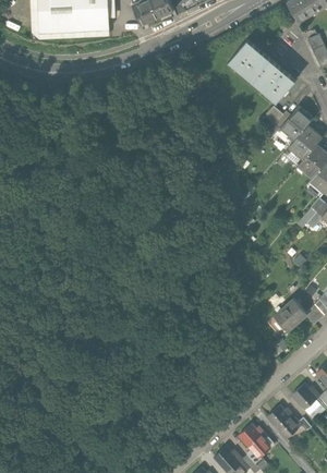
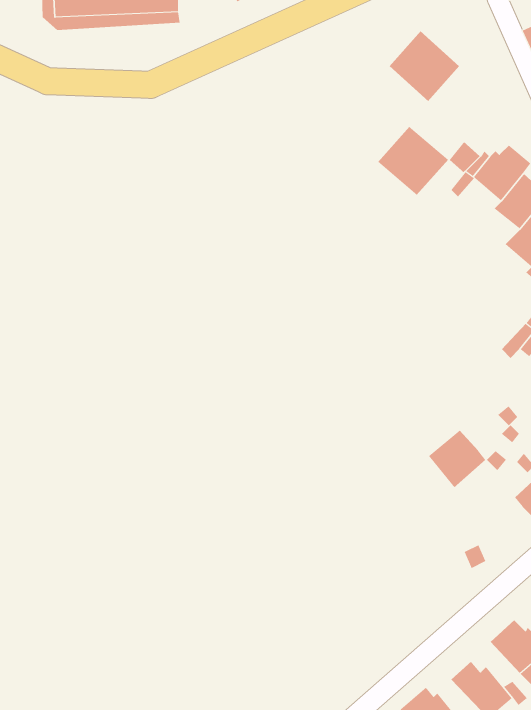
building: [253,60,294,100] -> [377,126,449,196]
building: [274,299,307,332] -> [428,430,486,488]

